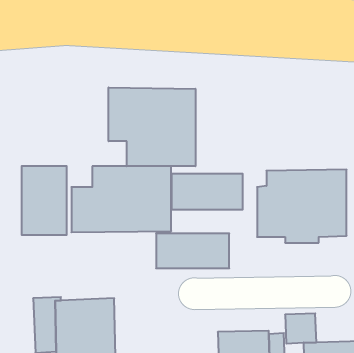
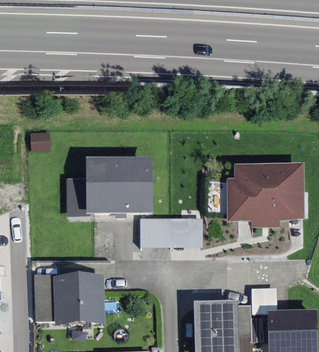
building: [109,87,195,166] -> none
building: [22,166,67,235] -> none
building: [172,174,243,210] -> none

